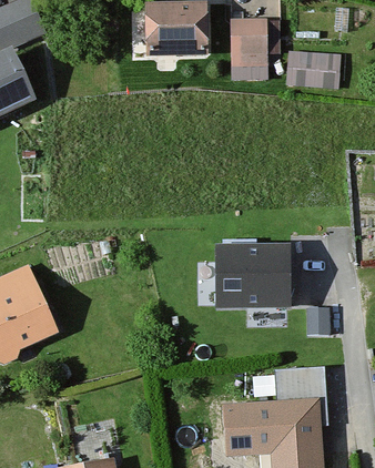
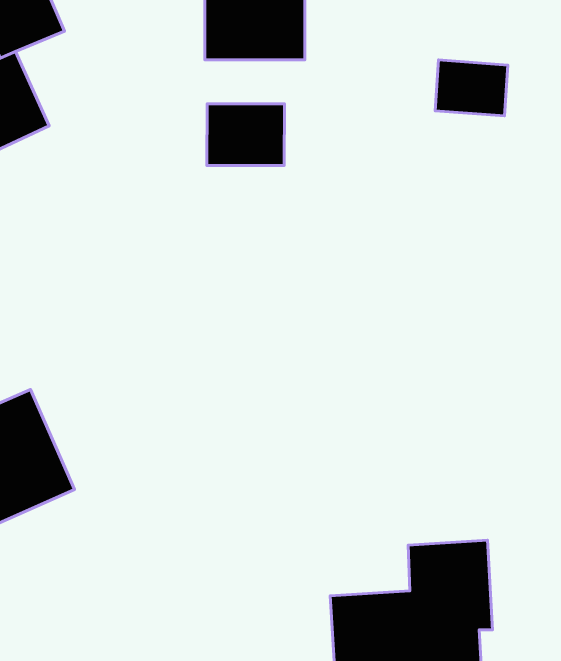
building: [229,18,266,64] -> none
building: none -> [207,104,285,165]
building: [220,241,297,307] -> none

